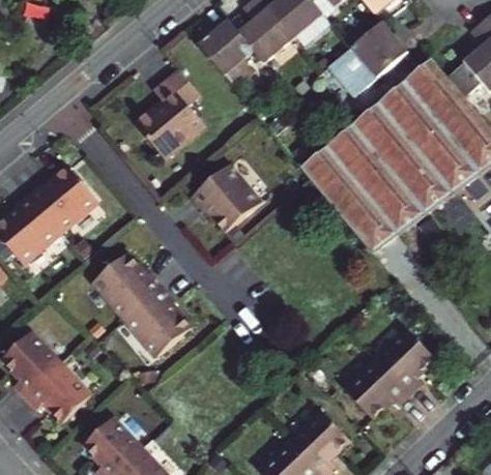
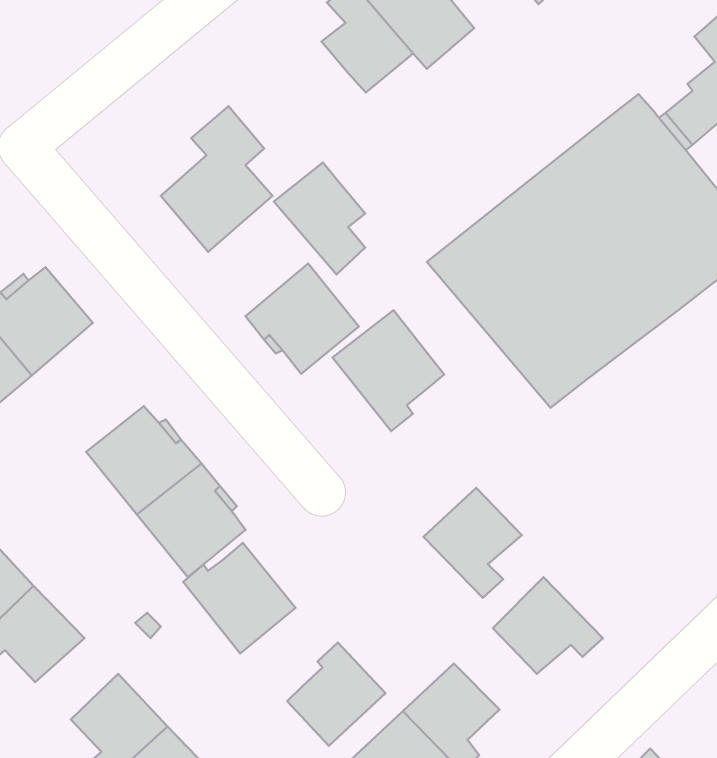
building: [198,19,254,87] -> [274,163,365,274]
building: [328,23,407,96] -> none
building: none -> [332,310,444,431]
building: [373,327,433,394] -> [424,488,522,598]
building: none -> [183,543,295,653]
building: none -> [287,642,386,746]

